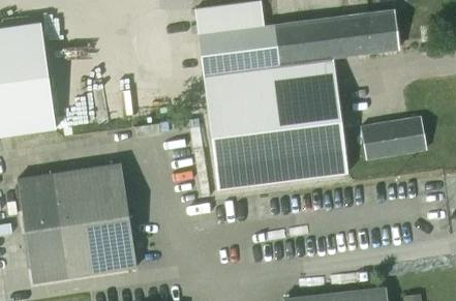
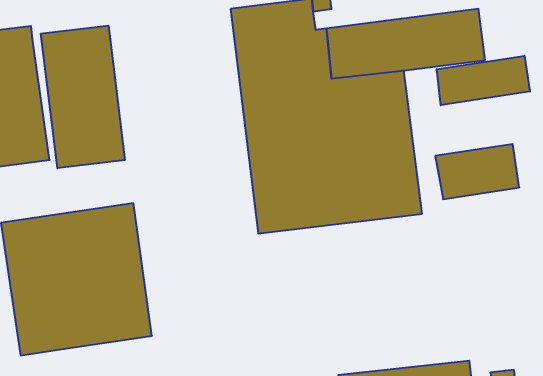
building: none -> [41,26,125,168]
building: none -> [437,56,530,105]

